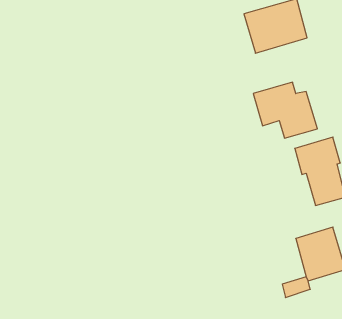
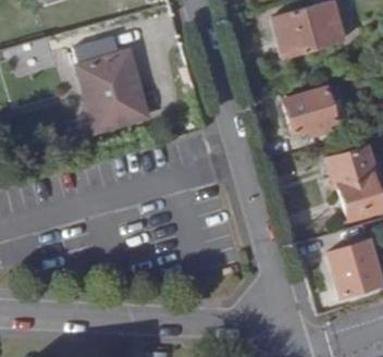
building: none -> [78,38,150,132]

